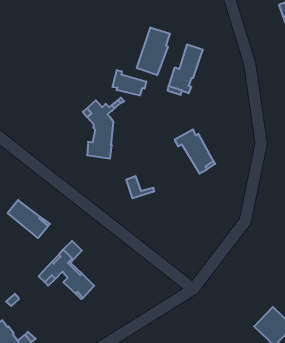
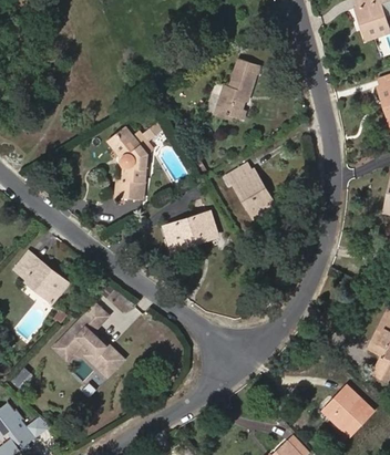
building: [137,27,170,75] -> none
building: [113,70,146,95] -> none
building: none -> [175,213,214,241]

